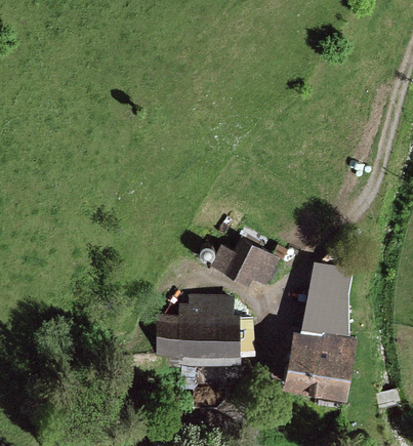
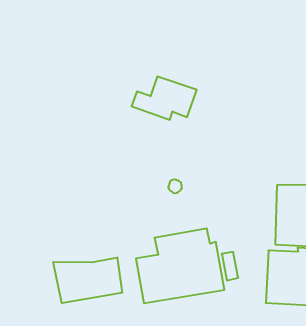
building: [209,239,280,286] -> [131,76,197,120]
building: none -> [53,257,122,303]

